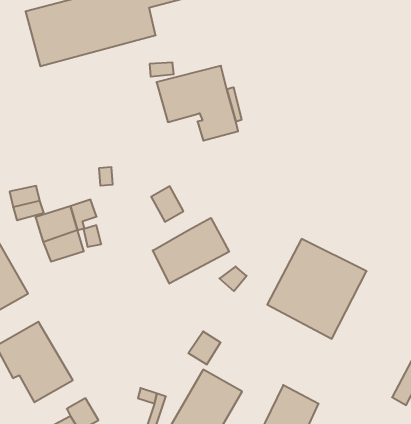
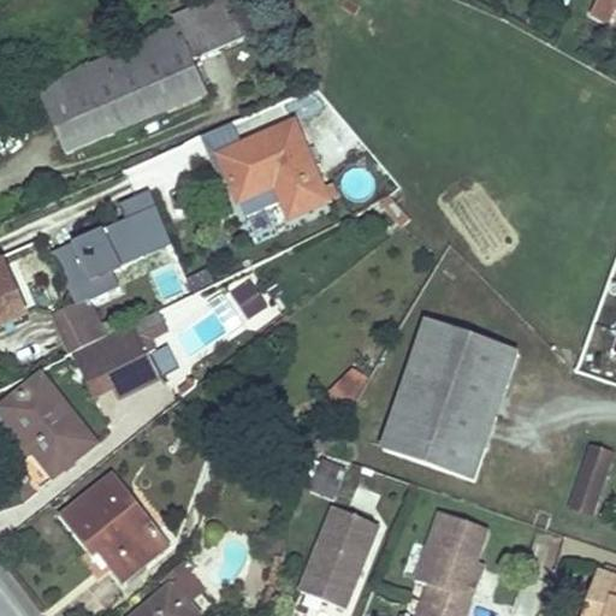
building: none -> [48,189,167,301]
building: [153,218,229,284] -> none
building: none -> [385,410,485,476]

